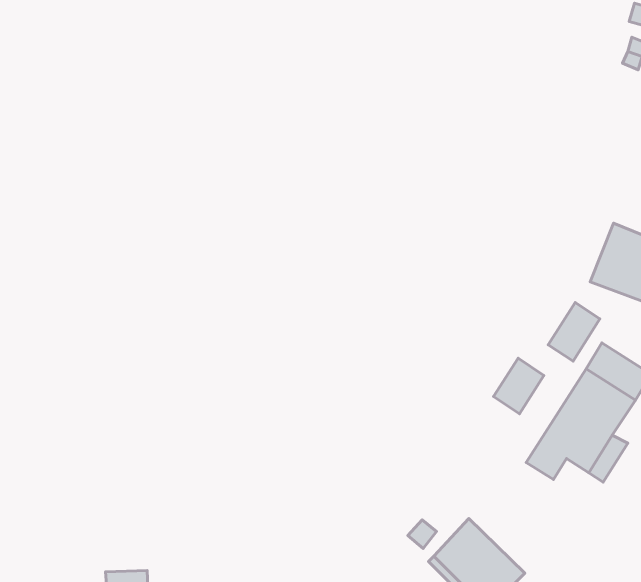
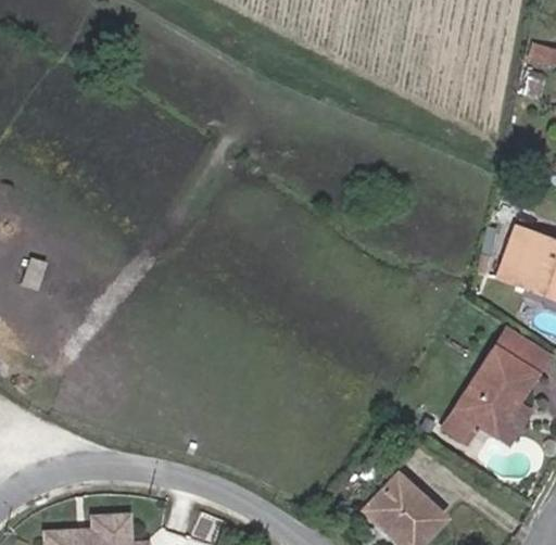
building: [548,302,600,361] -> none
building: [494,358,544,414] -> none

